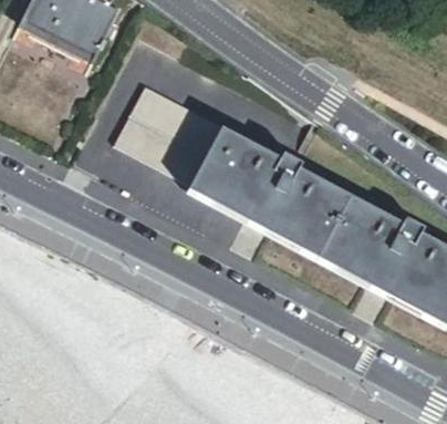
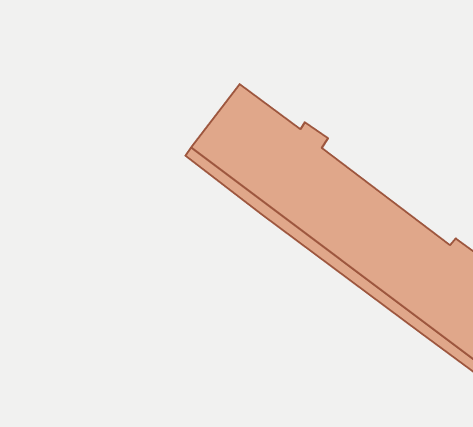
building: [115,87,220,180] -> none

